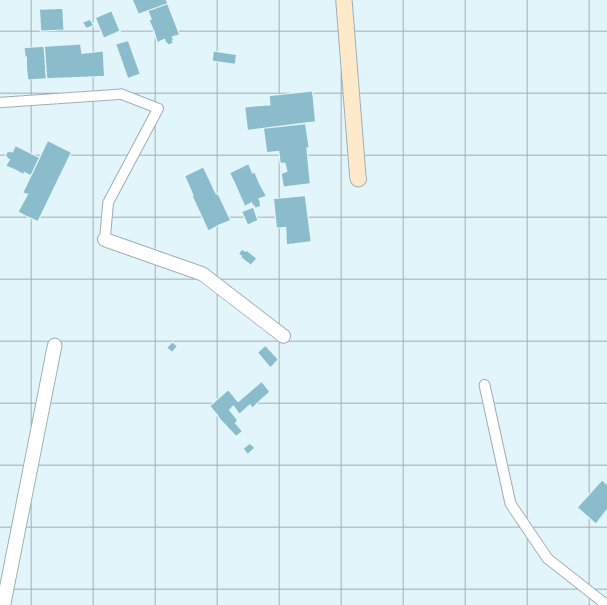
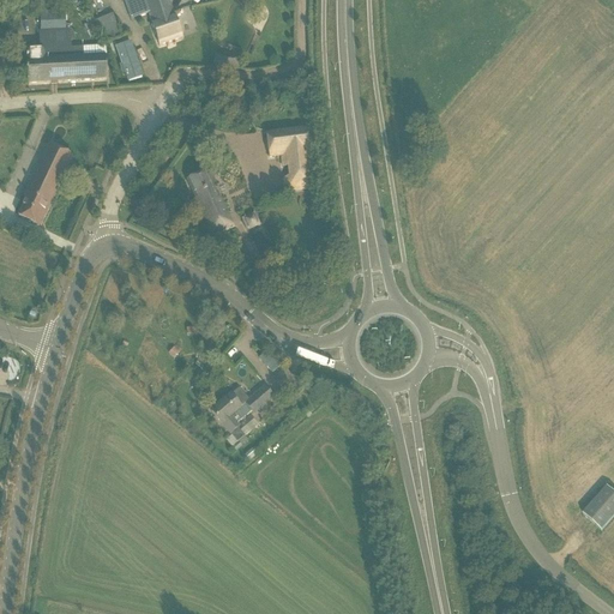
building: [245,91,315,131] -> none
building: [5,145,39,176] -> none
building: [230,164,266,209] -> none
building: [273,195,311,245] -> none

